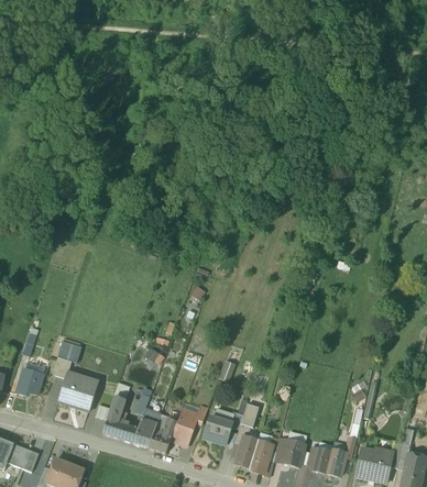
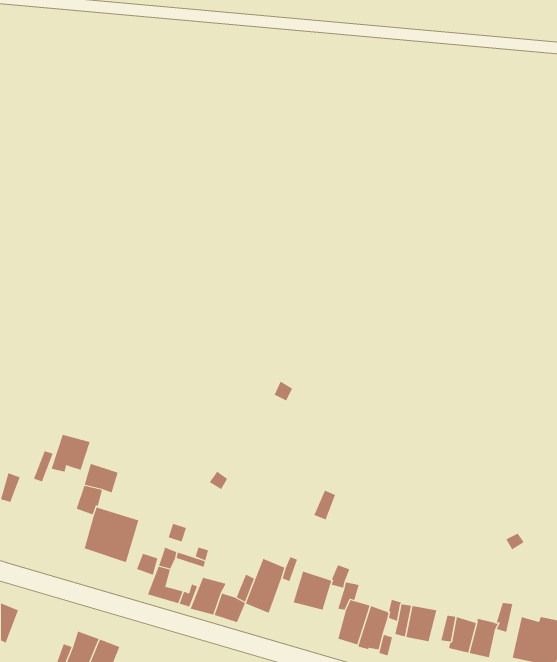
building: [15,368,43,395] -> [51,434,91,472]
building: [7,443,39,471] -> none

